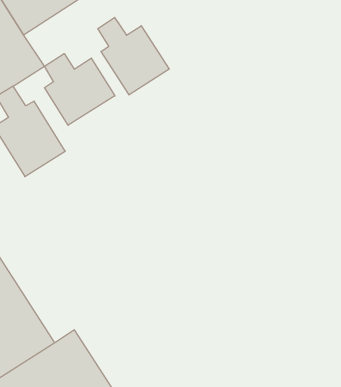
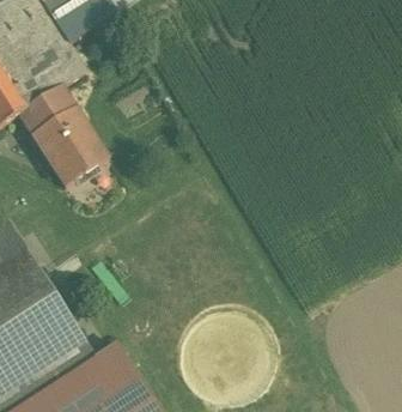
building: [98,17,169,95] -> none
building: [44,54,115,125] -> none

